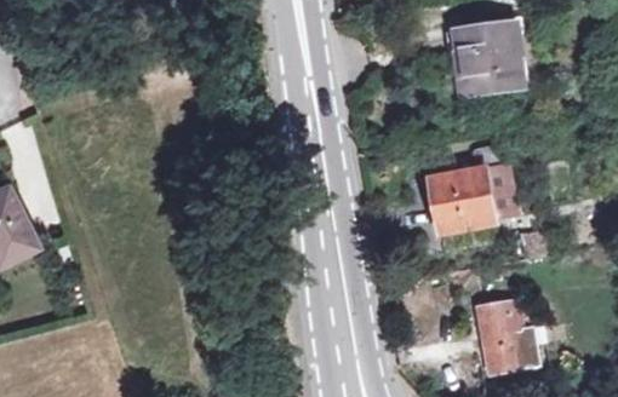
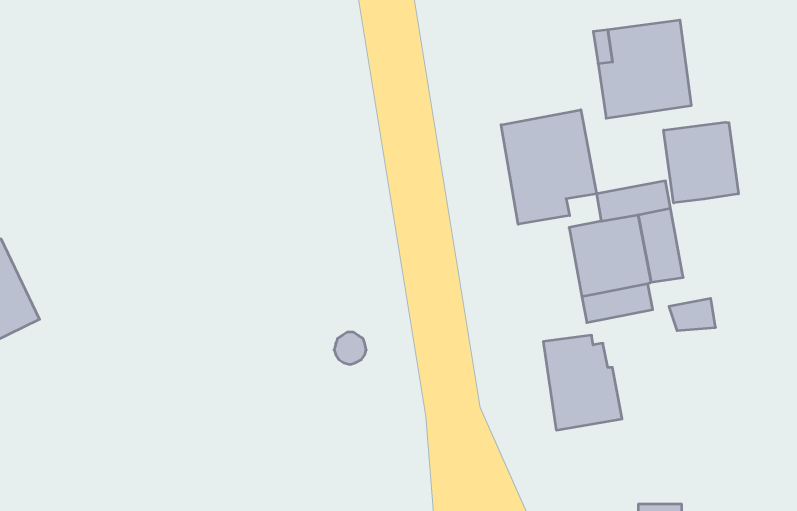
building: none -> [501,110,596,224]
building: none -> [664,122,738,203]
building: [483,300,543,372] -> [543,335,622,430]

